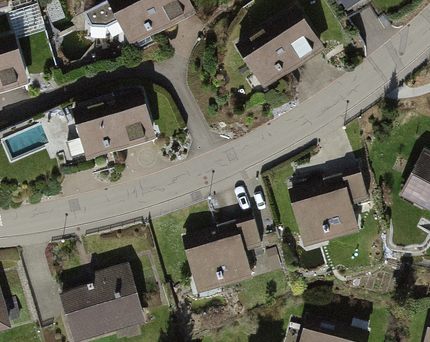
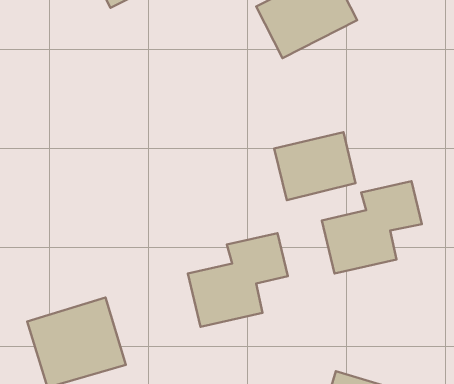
building: [72,82,150,148] -> none
building: none -> [274,132,355,200]

